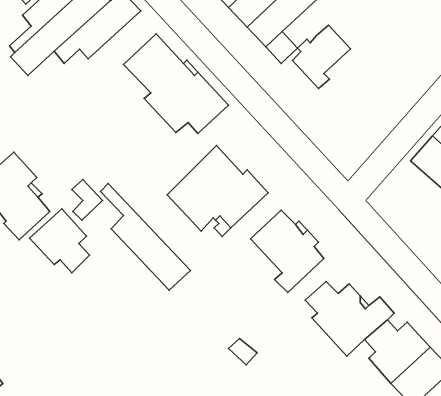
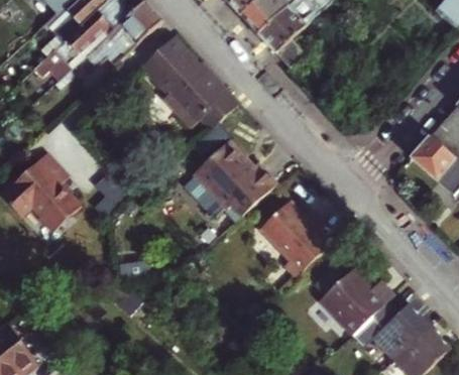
building: [292,25,351,89] -> none
building: [100,184,190,290] -> none
building: [29,209,89,273] -> none

